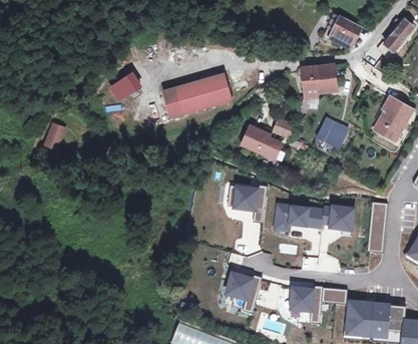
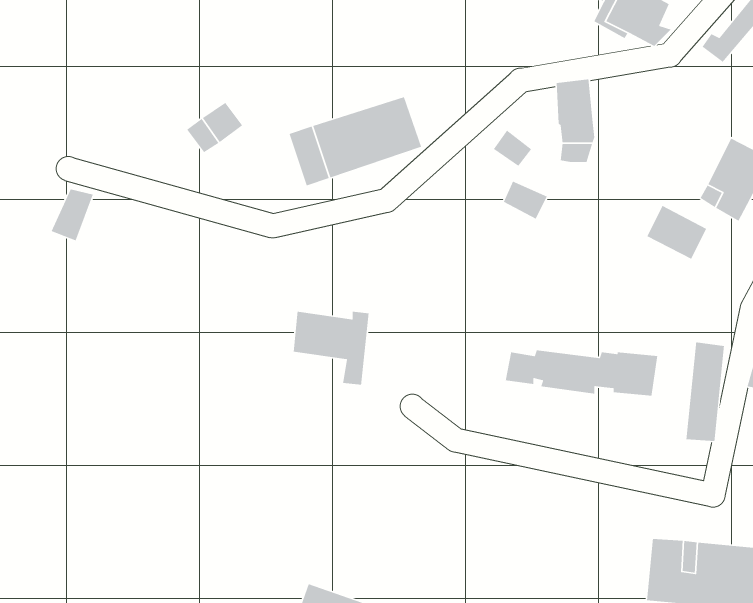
building: [318,64,336,87] -> none
building: [316,119,347,147] -> [646,205,707,260]
building: [242,125,283,159] -> none
building: [227,185,266,223] -> [293,311,370,386]
building: [226,273,261,313] -> none
building: [290,285,346,323] -> none

